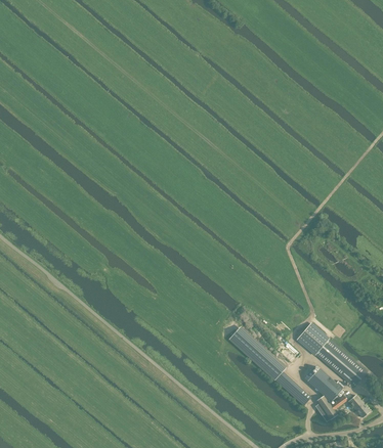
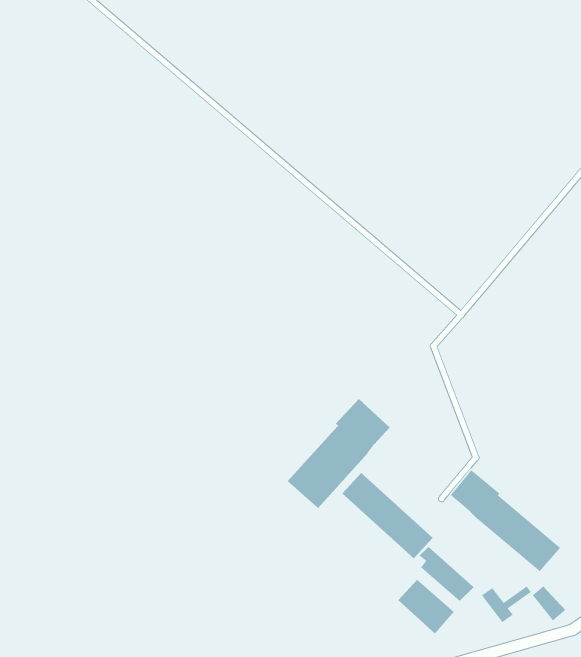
building: none -> [287,398,390,509]
building: [306,368,342,403] -> [397,579,455,635]

